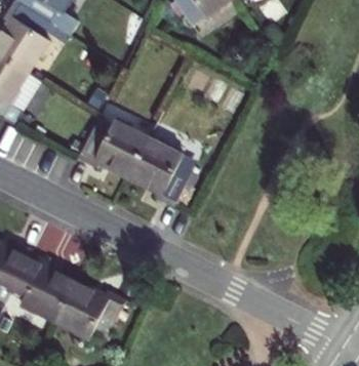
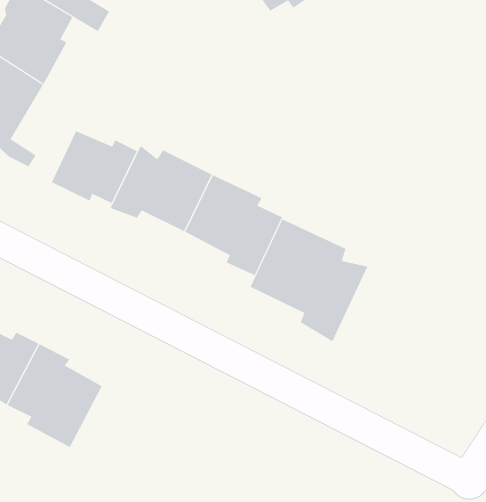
building: none -> [51,130,138,204]
building: none -> [250,219,368,342]
building: [51,281,129,344] -> none

